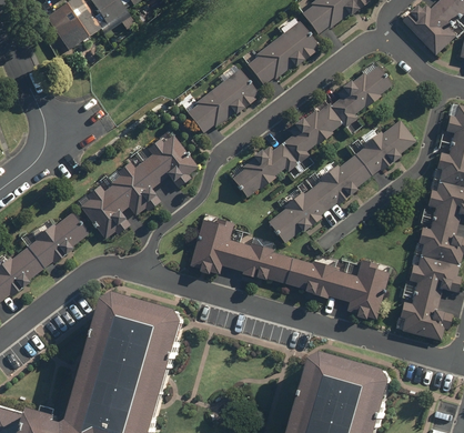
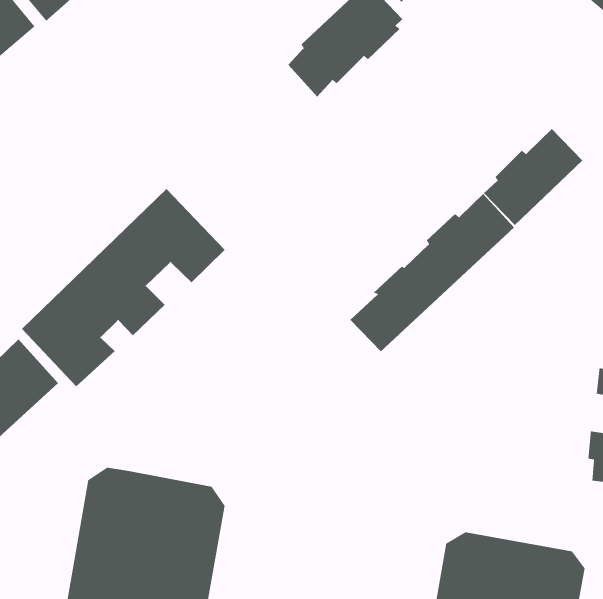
building: [230,64,390,197] -> none
building: [185,69,256,134] -> none
building: [188,213,391,318] -> none

